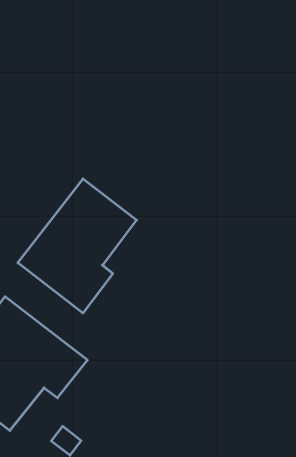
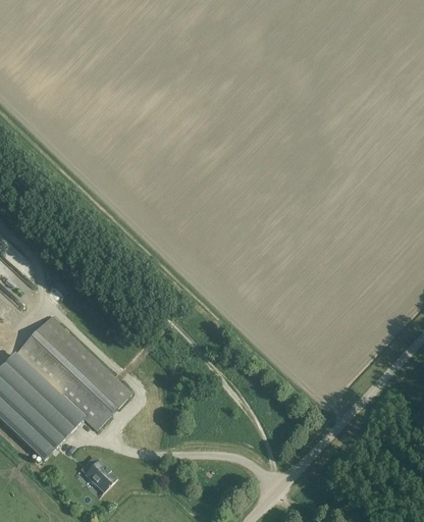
building: [18,179,137,313] -> none

